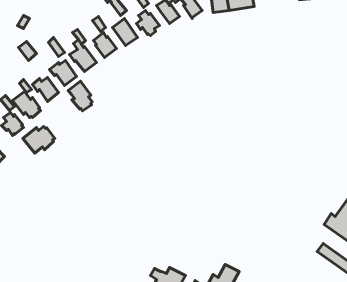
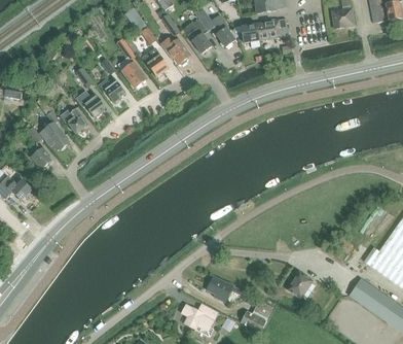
building: [68,81,92,111] -> none
building: [23,126,55,153] -> none
building: none -> [289,271,318,299]
building: none -> [207,276,243,302]

